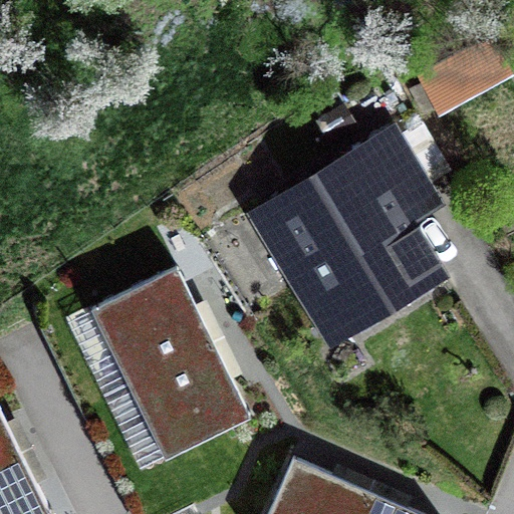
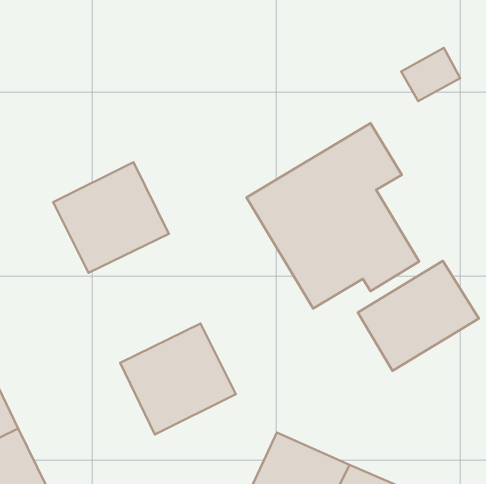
building: [89,269,211,386] -> [53,162,169,273]
building: none -> [358,261,479,371]

